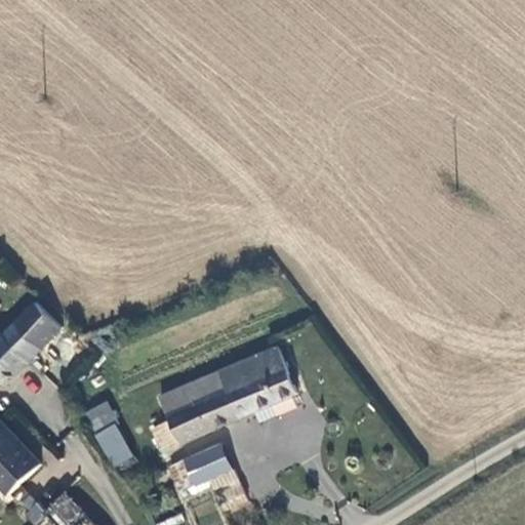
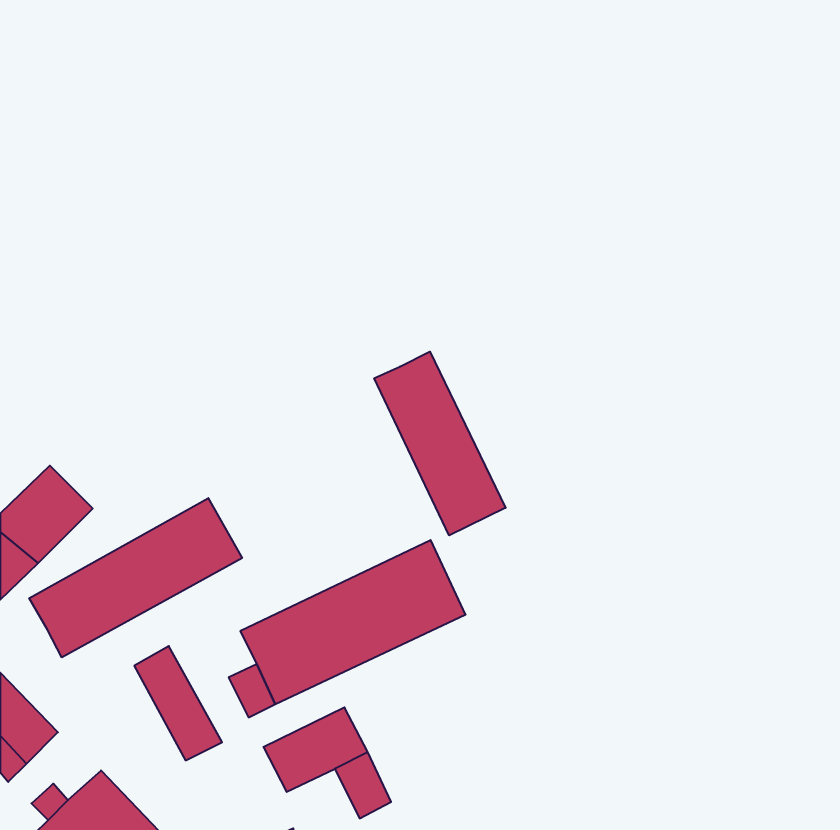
building: none -> [374,352,506,535]
building: none -> [29,498,242,657]

